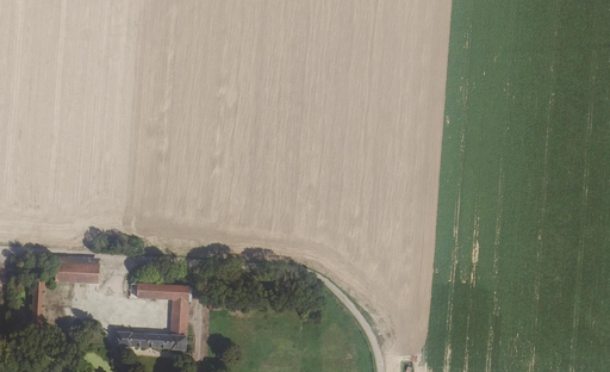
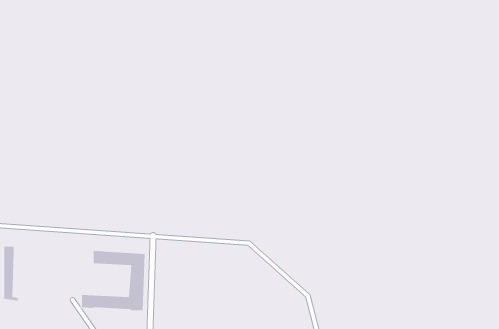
building: [55,262,99,281] -> none

